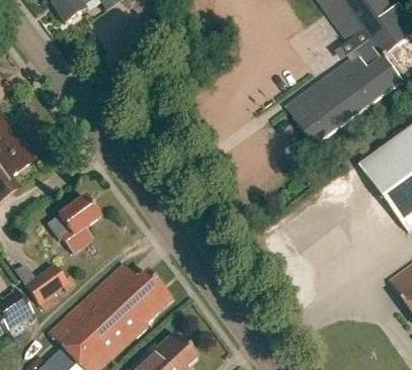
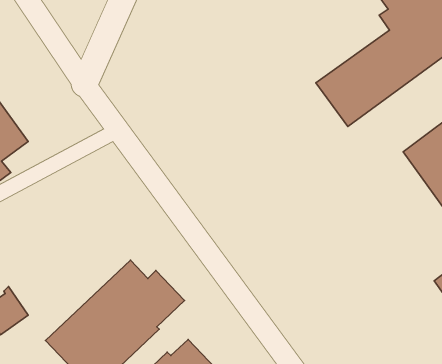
building: [47,194,100,252] -> none
building: [25,264,69,304] -> none

